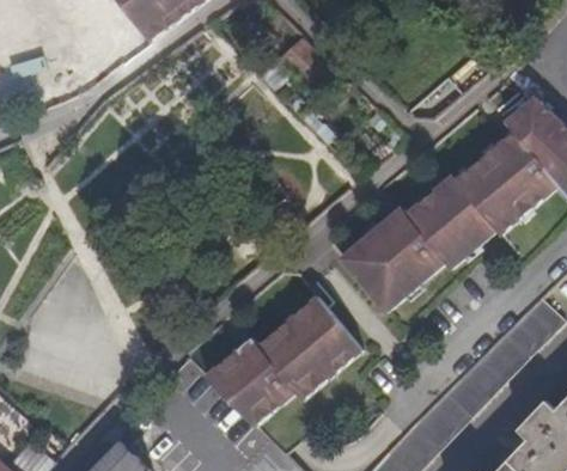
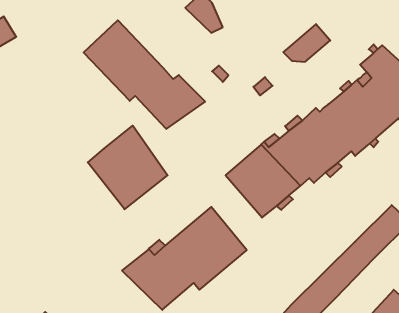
building: none -> [84,20,205,129]
building: none -> [88,126,168,209]

